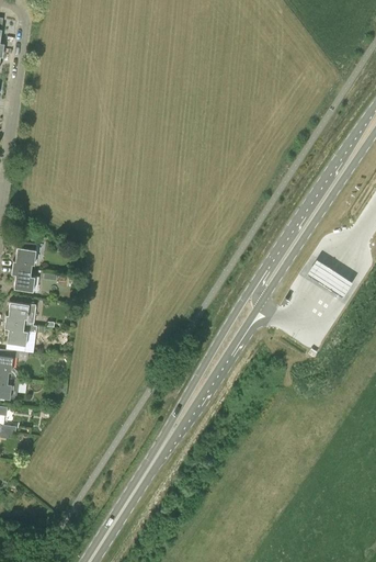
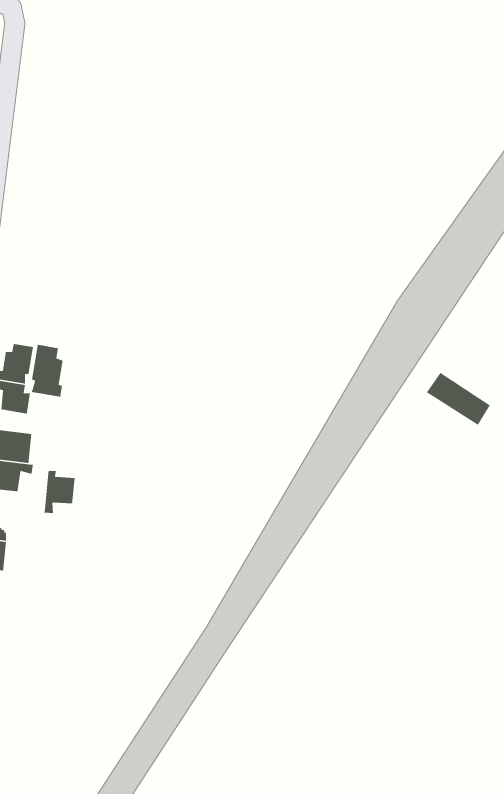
building: none -> [31,344,64,397]
building: none -> [43,470,76,514]

